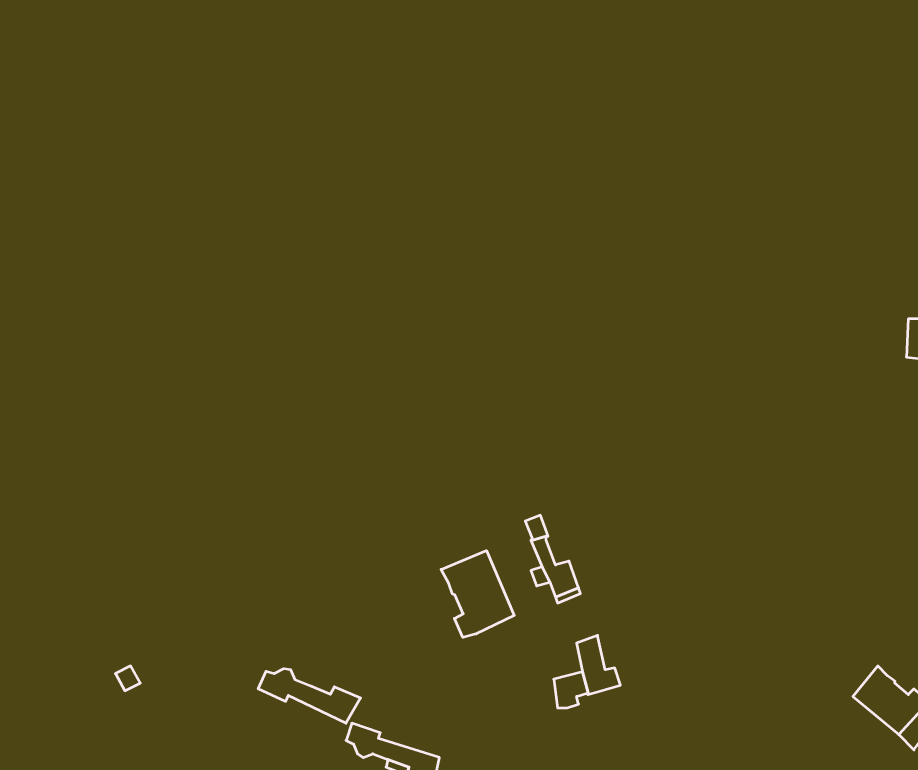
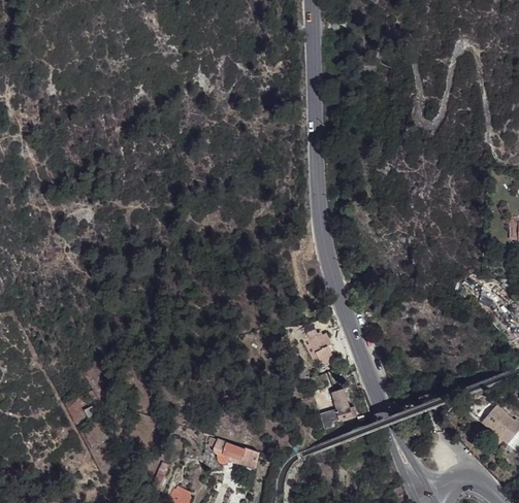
building: [441,551,514,637] -> none
building: [258,669,361,723] -> none

